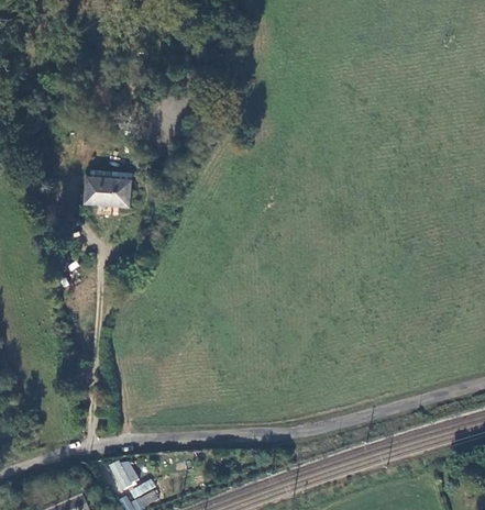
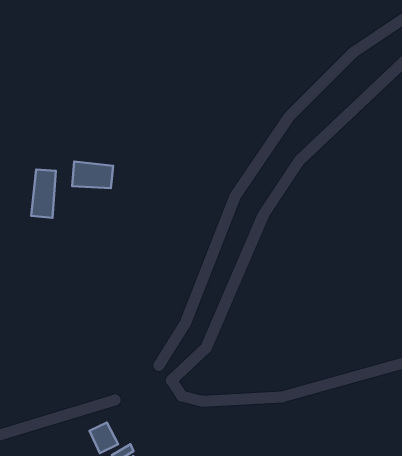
building: none -> [31,170,56,218]

